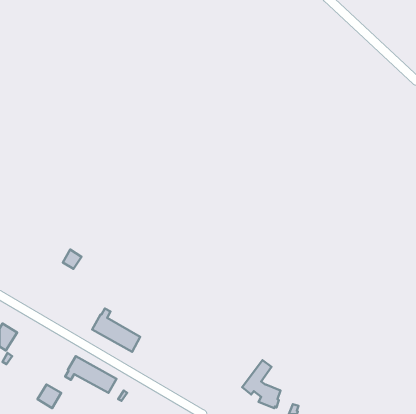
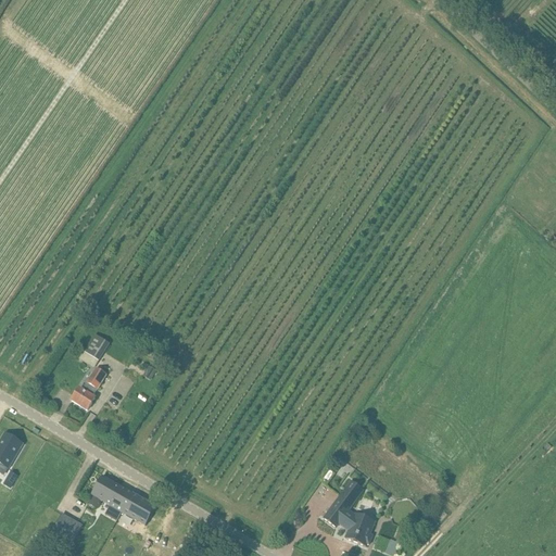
building: none -> [71,367,105,408]
building: [92,308,140,352] -> none

